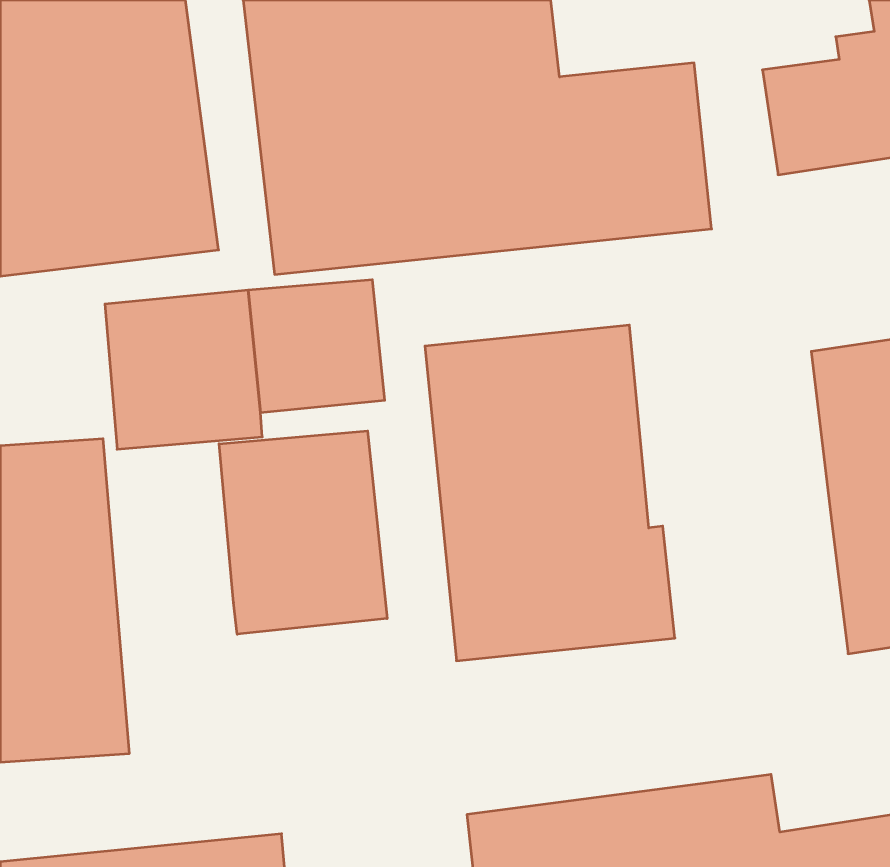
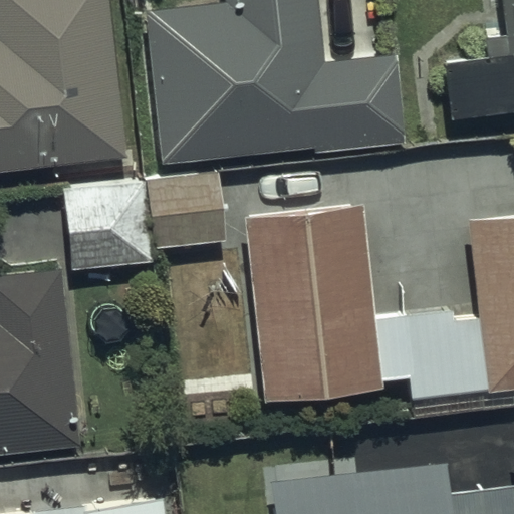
building: [219,431,387,634] -> none
building: none -> [400,308,489,403]

